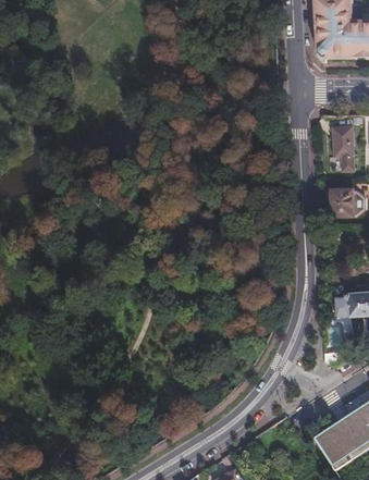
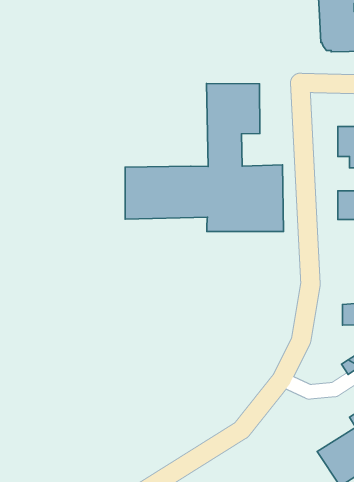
building: none -> [125,83,284,231]

